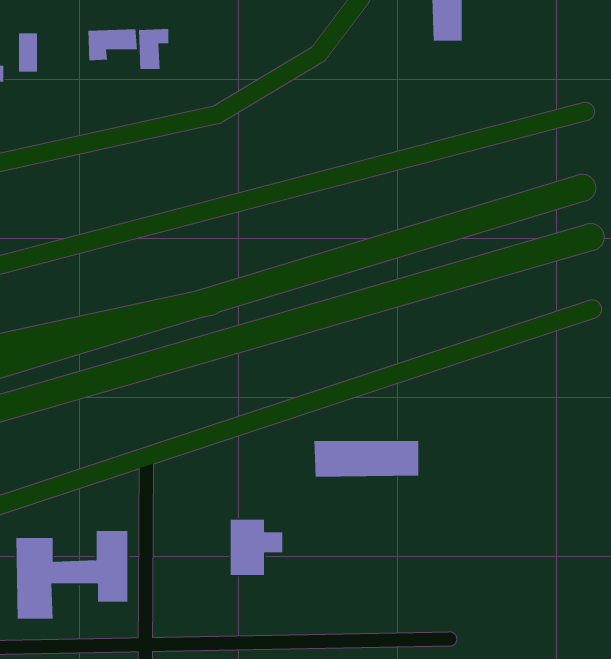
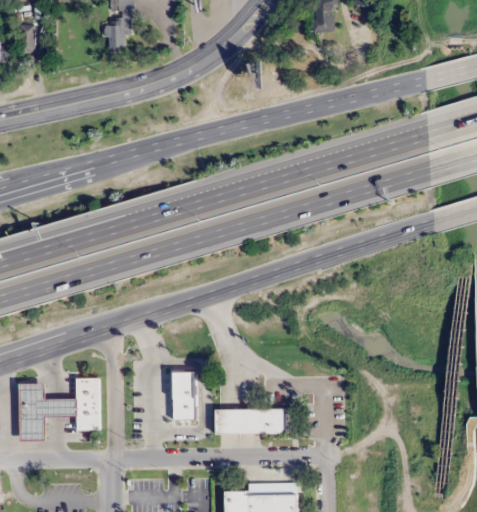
building: [88,29,137,61] -> none
building: [314,441,419,477] -> [214,408,289,434]

